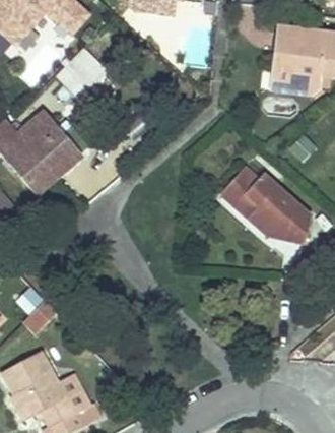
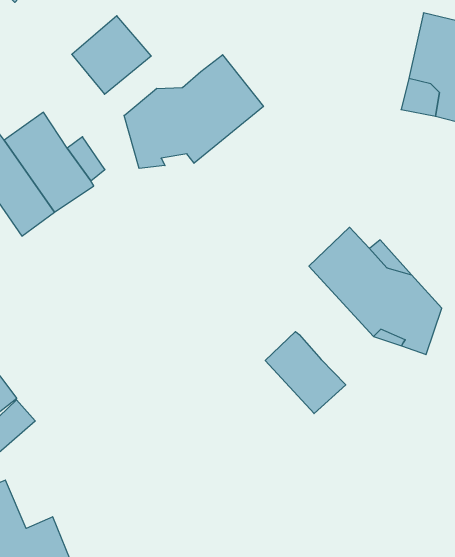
building: none -> [124,55,263,168]
building: none -> [265,332,346,414]

